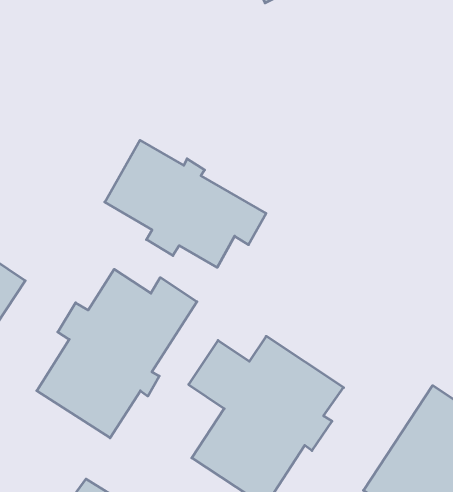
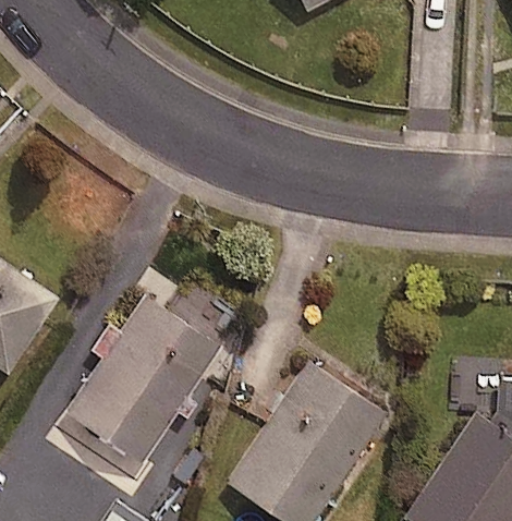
building: [105,140,266,267] -> none

